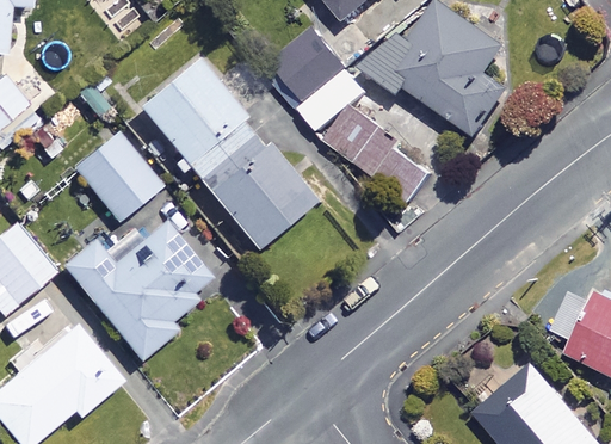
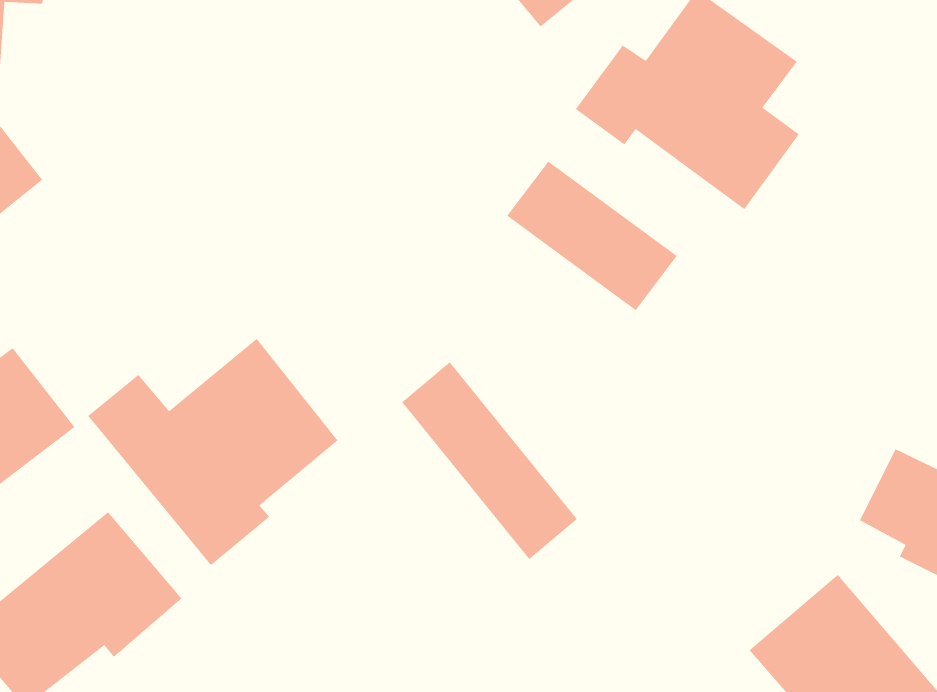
building: [265,30,347,111] -> none
building: [140,60,314,251] -> none
building: [74,136,158,222] -> none
building: none -> [401,361,578,560]

